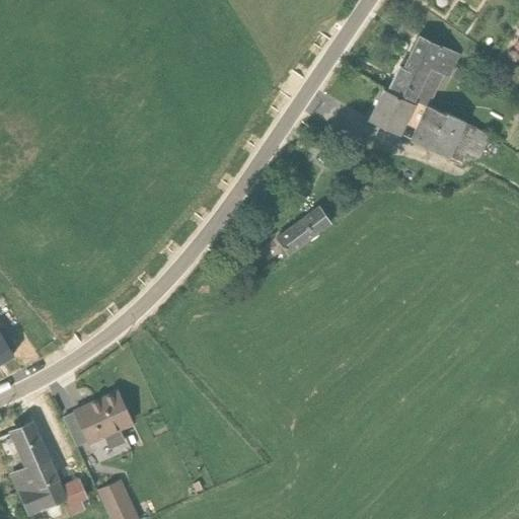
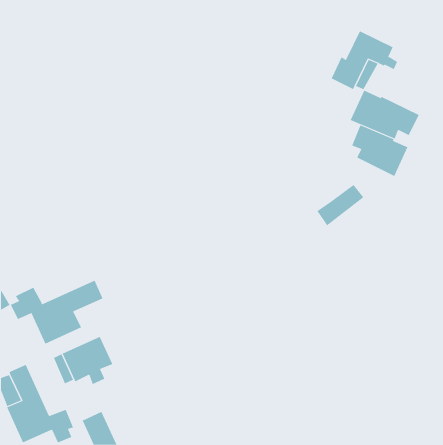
building: [370,89,416,135] -> none
building: none -> [351,125,408,177]
building: [277,208,332,256] -> [316,184,364,226]
building: none -> [10,280,103,345]

